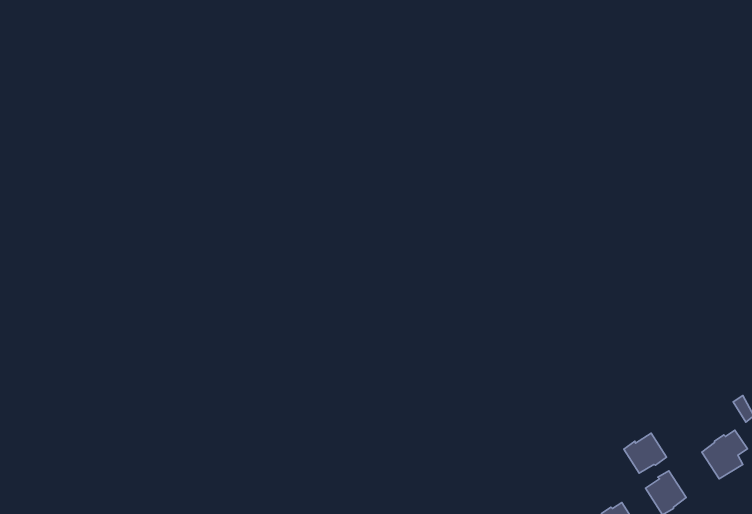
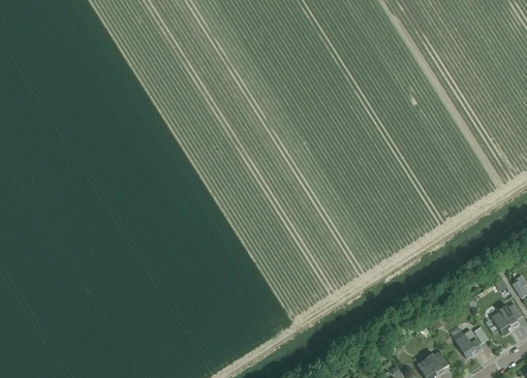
building: [624,433,667,473] -> none

